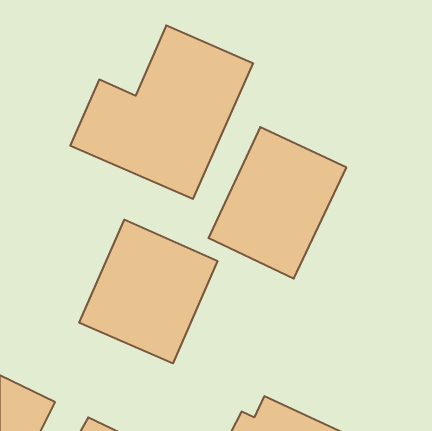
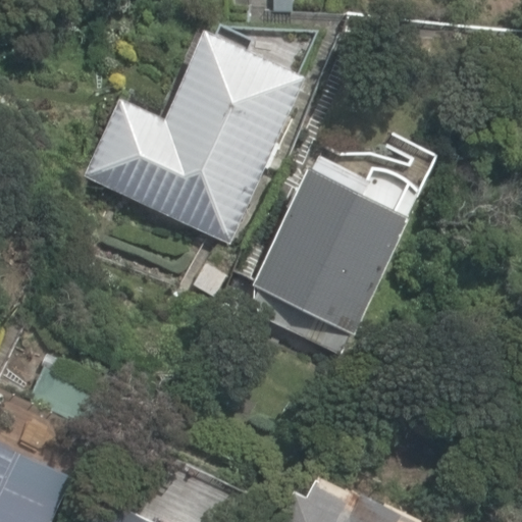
building: [79,220,217,363] -> none

